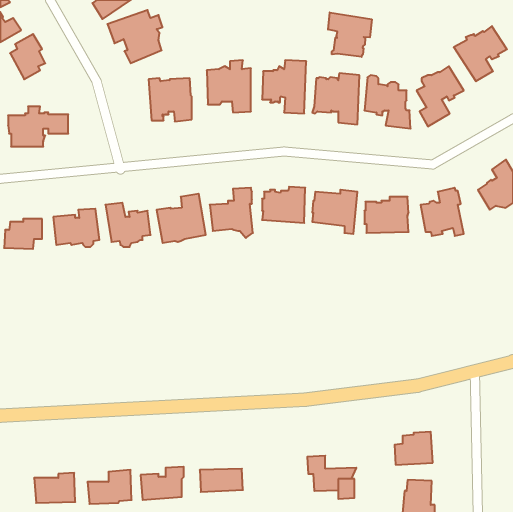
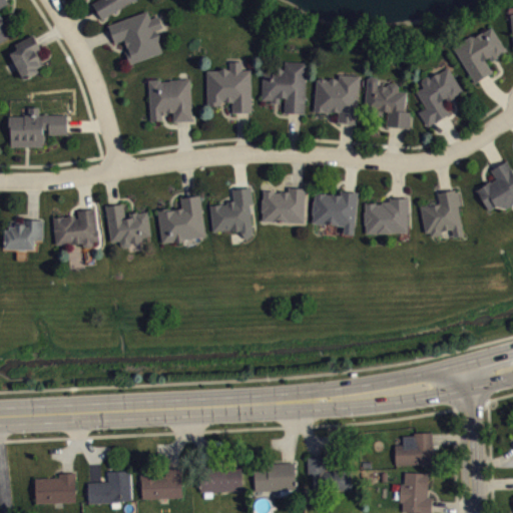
building: [328,12,372,57] -> none
building: none -> [253,462,295,491]

